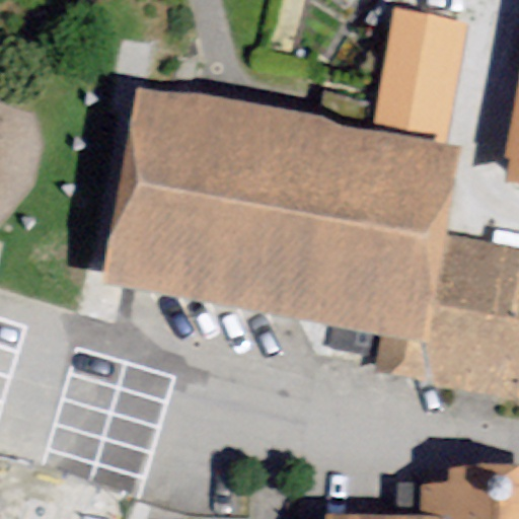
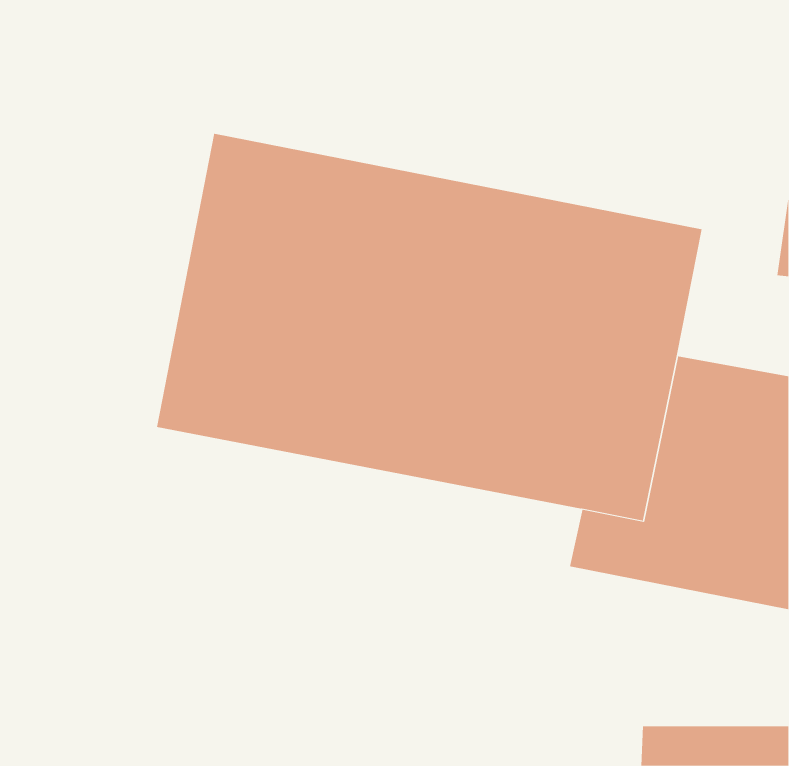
building: [374,17,448,130] -> none

